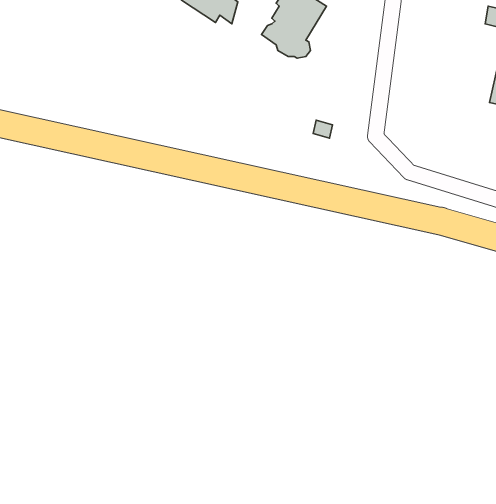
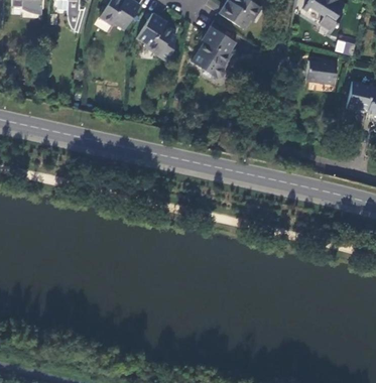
building: none -> [306,60,337,92]

